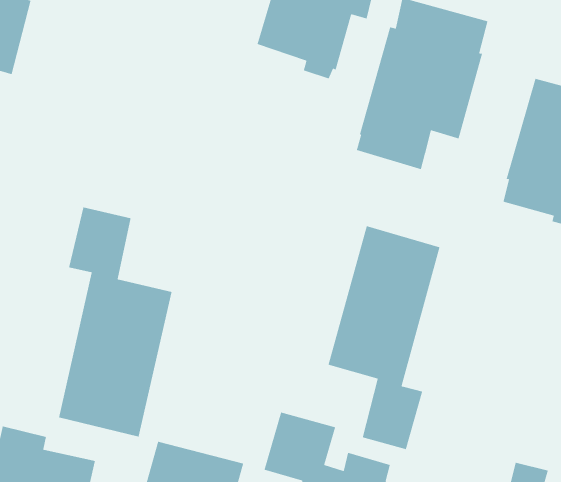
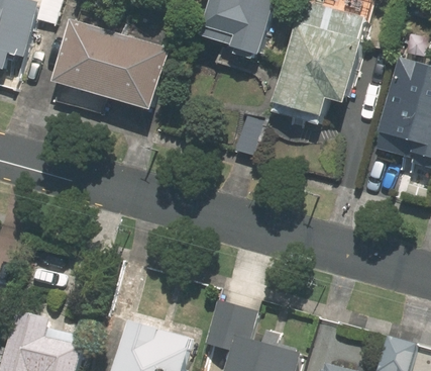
building: none -> [51,20,168,107]
building: [58,206,172,437] -> none
building: [328,225,440,450] -> none

